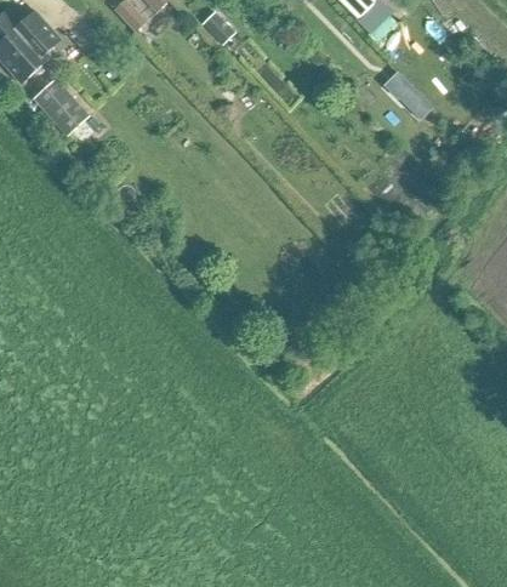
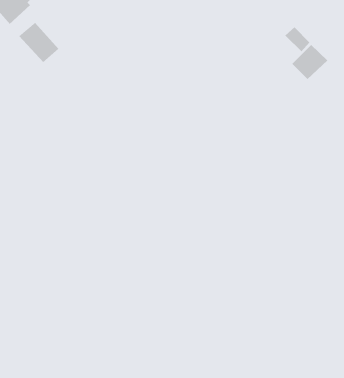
building: none -> [291,44,328,80]

